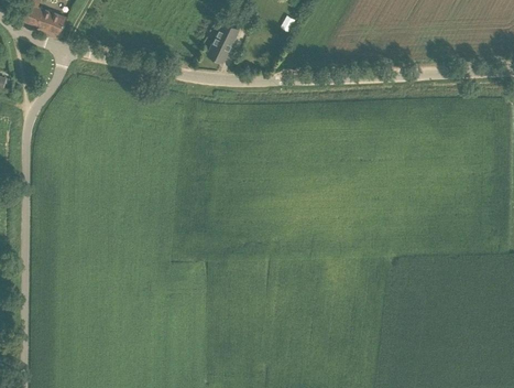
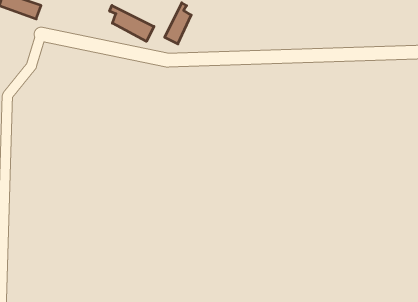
building: none -> [110,5,154,41]

